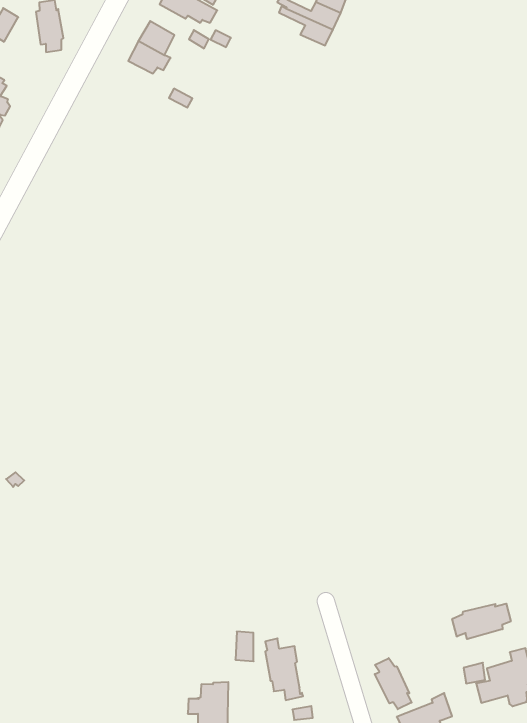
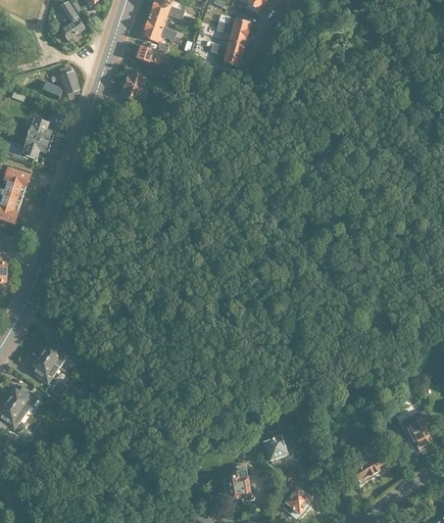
building: [452,604,511,639] -> none
building: [375,658,412,709] -> none

